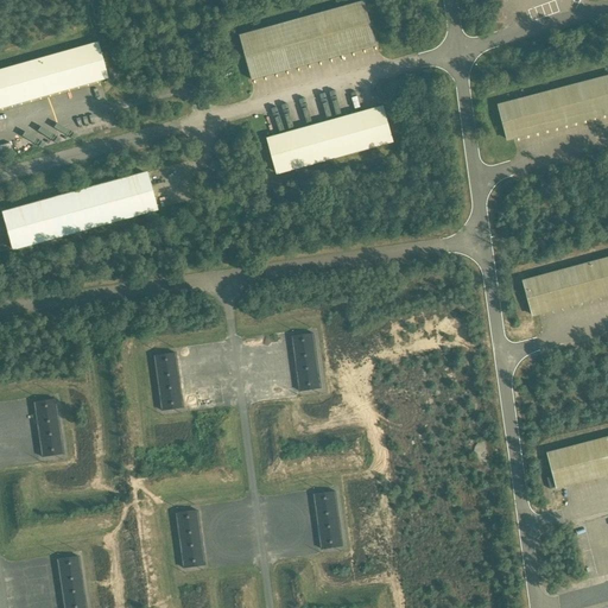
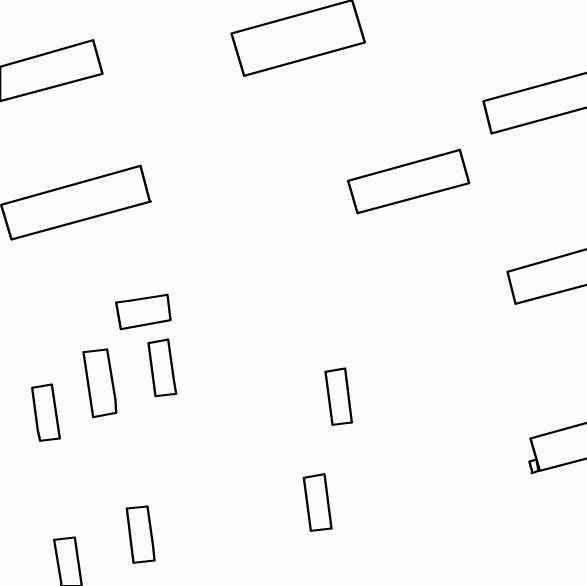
building: [268,106,393,171] -> [348,150,469,213]
building: none -> [116,295,171,329]
building: [293,331,321,390] -> [325,368,352,425]
building: none -> [83,349,116,417]
building: [176,508,204,566] -> [127,506,154,563]

